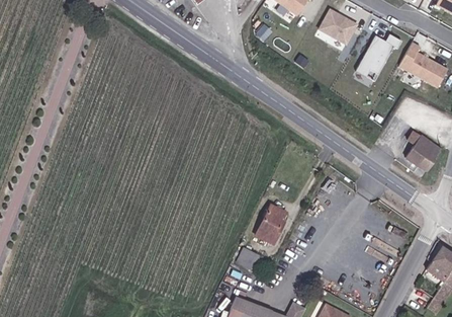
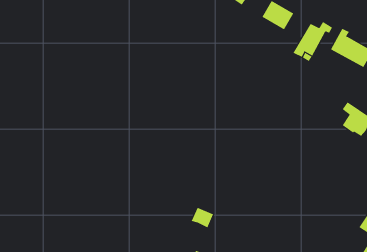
building: [257,206,283,243] -> none

